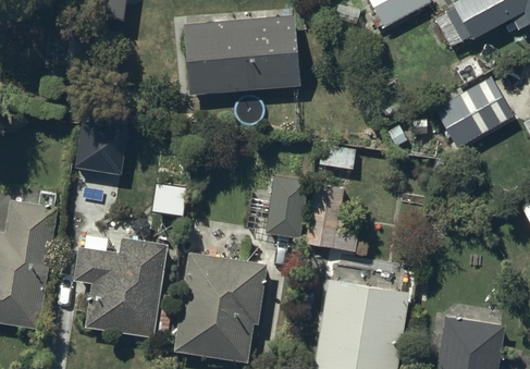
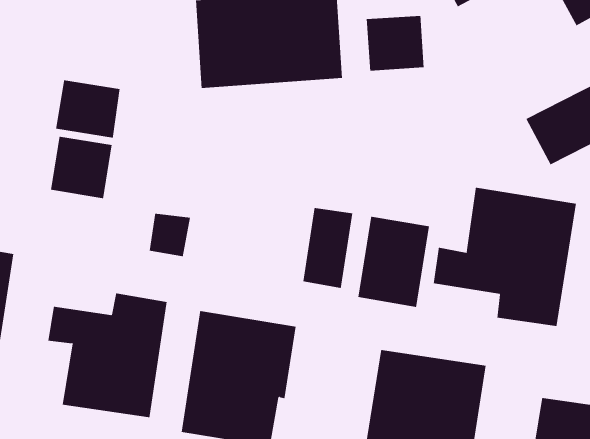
building: none -> [366,15,424,71]
building: none -> [56,80,120,139]
building: none -> [433,187,577,327]

